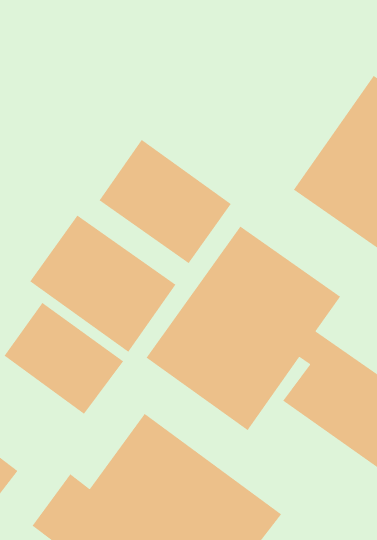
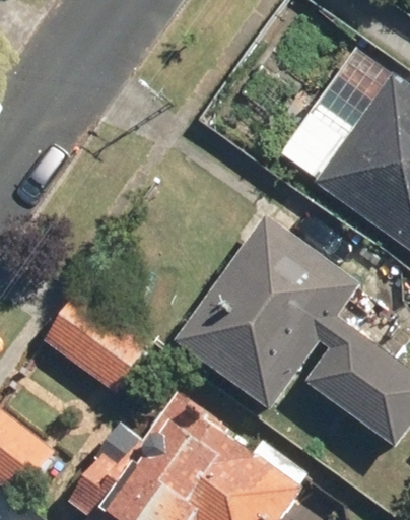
building: [99,139,232,264] -> none
building: [29,215,176,353] -> none

